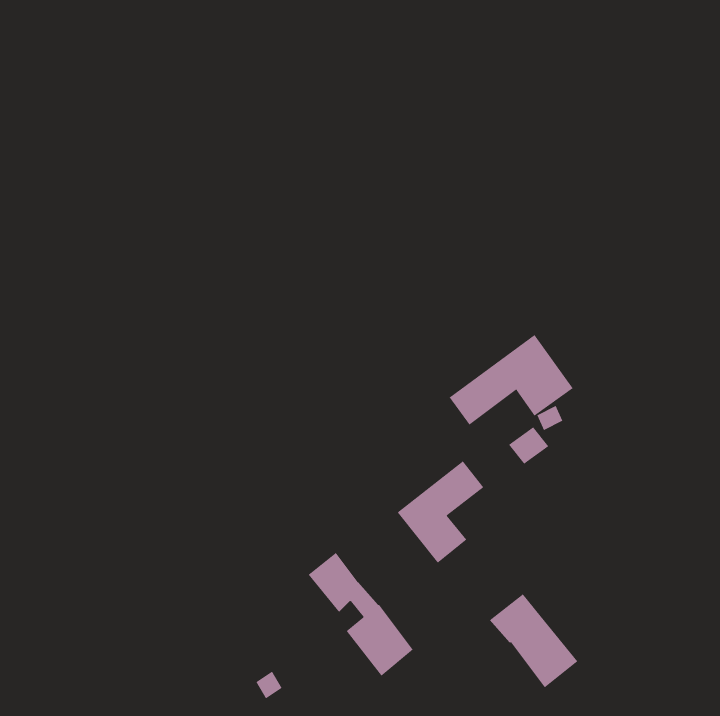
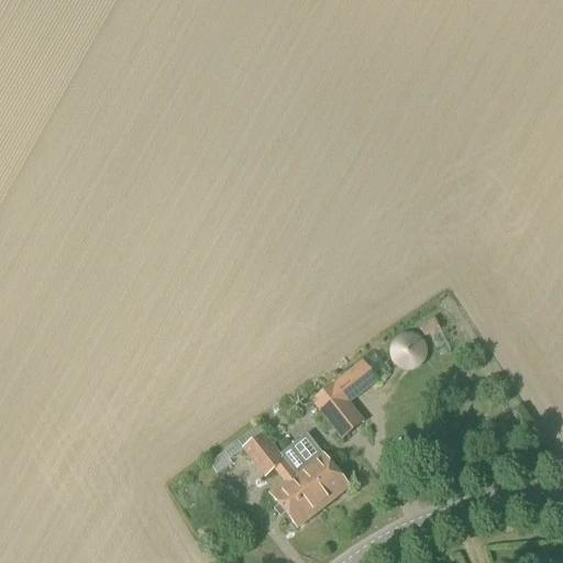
building: [449,334,574,425] -> none
building: [489,593,578,688] -> [280,432,350,506]

